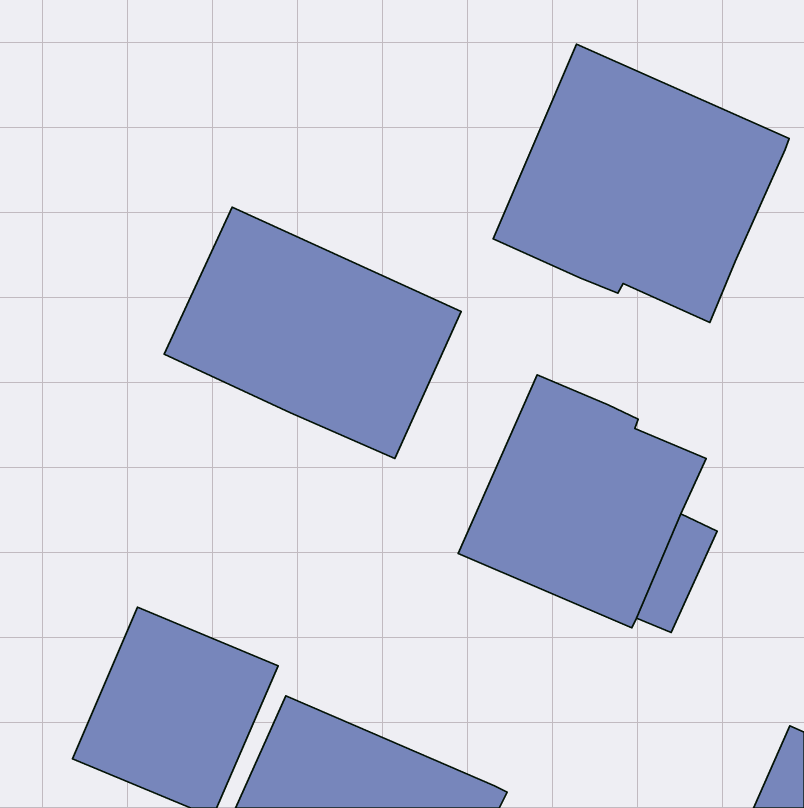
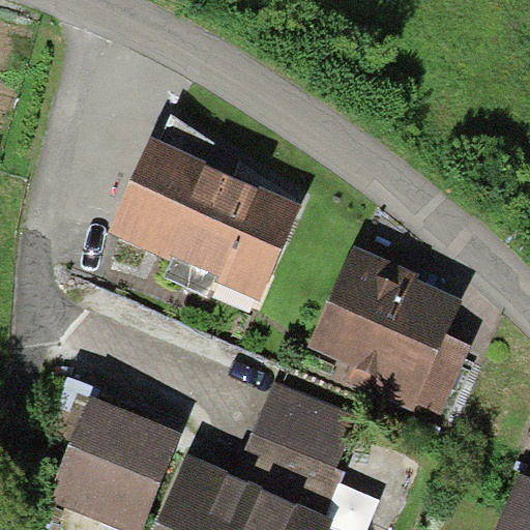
building: [493,44,789,323] -> none
building: none -> [233,382,356,514]

